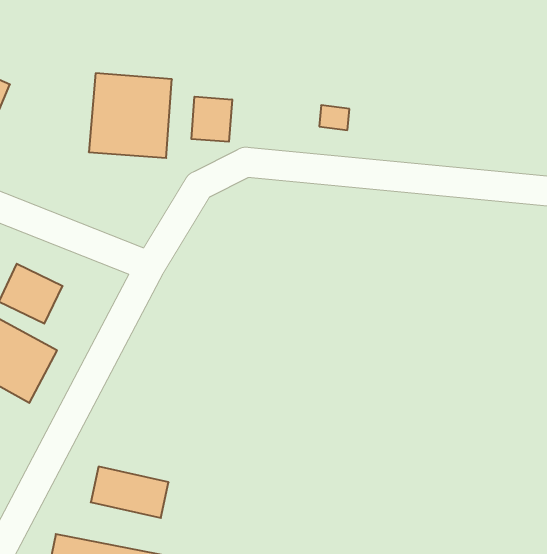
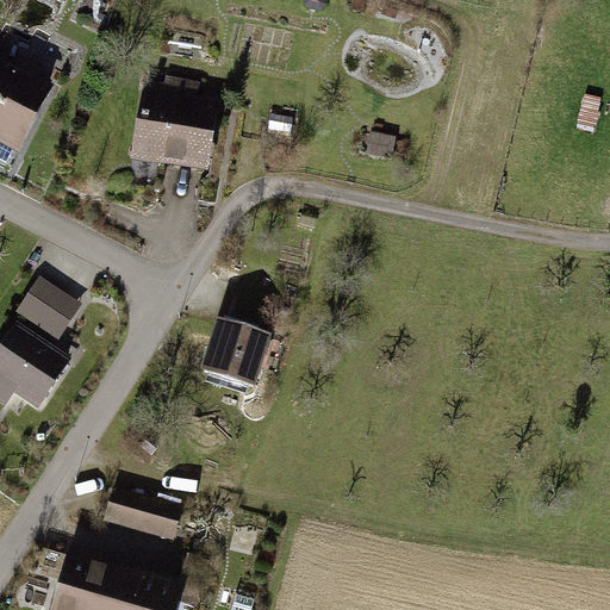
building: [191,97,232,142] -> none
building: none -> [195,323,264,390]

